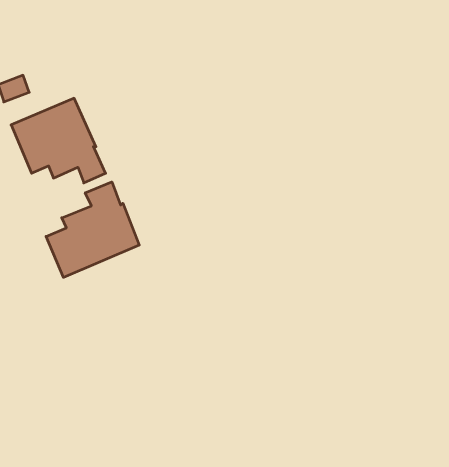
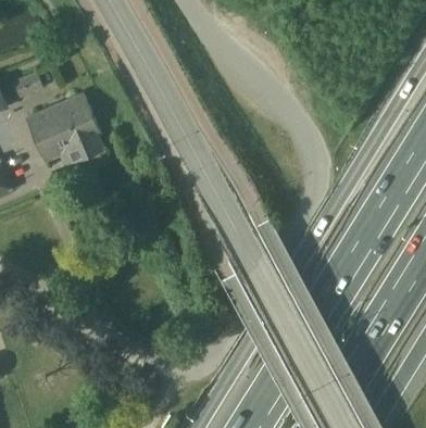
building: [46,182,139,277] -> none

